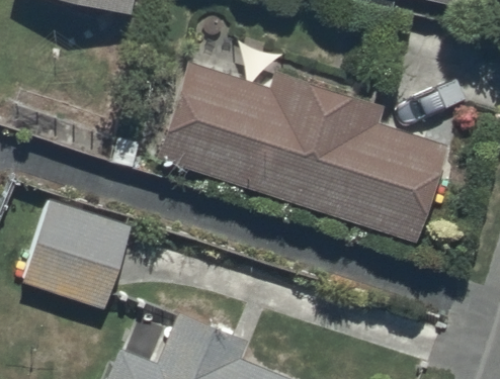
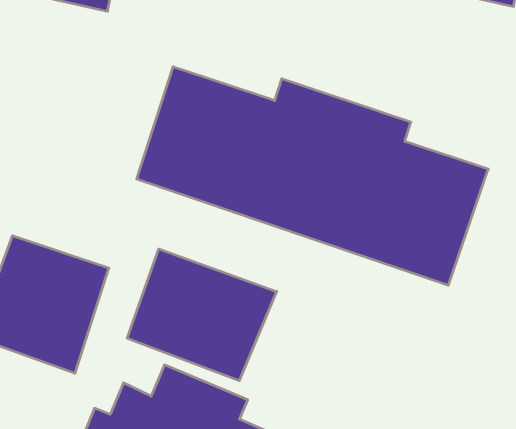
building: none -> [127,249,277,381]

